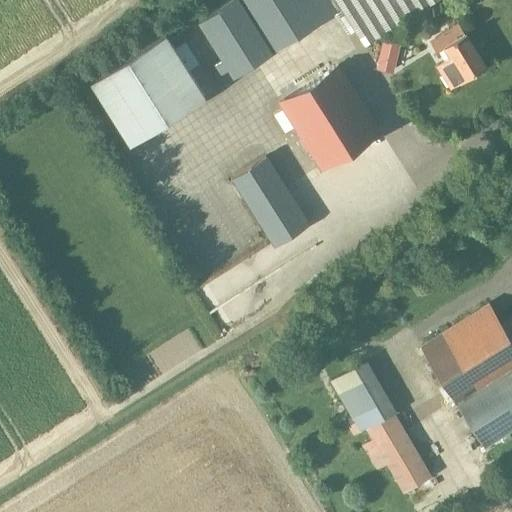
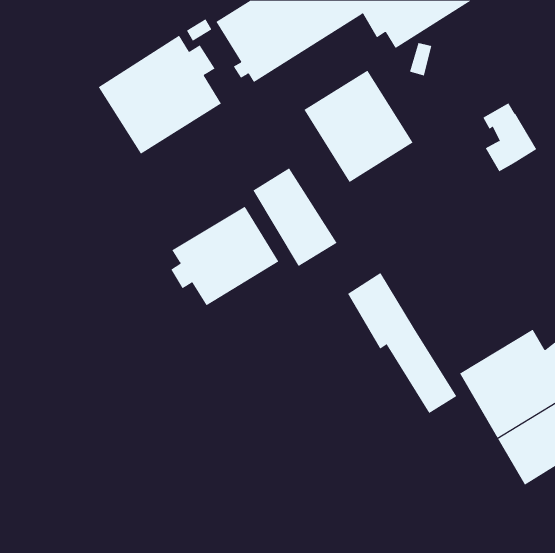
building: [436,26,486,90] -> [483,102,537,172]
building: none -> [171,206,279,306]
building: [331,365,432,495] -> [347,272,457,414]

